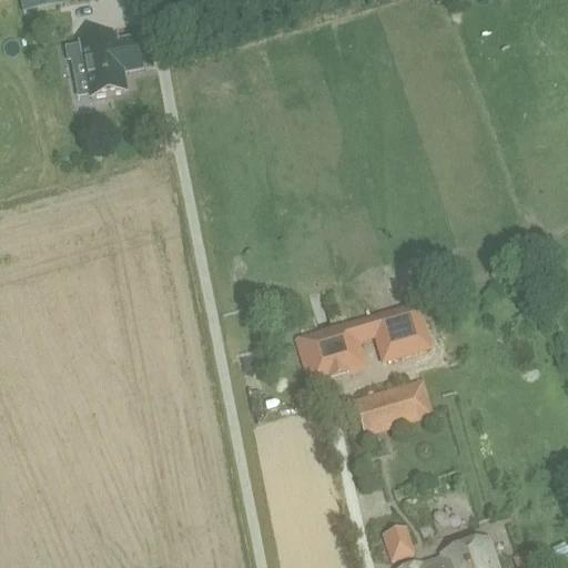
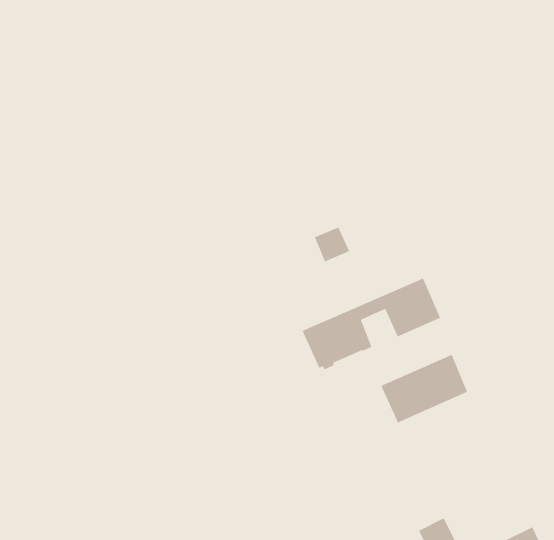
building: [64,34,140,95] -> none
building: none -> [314,226,350,263]

